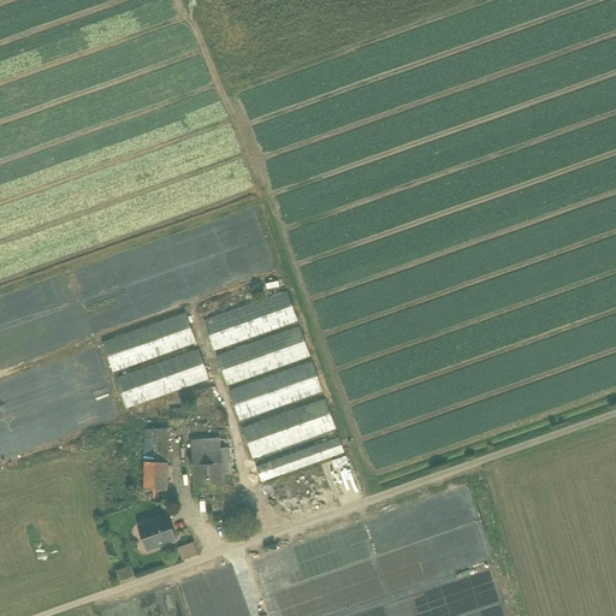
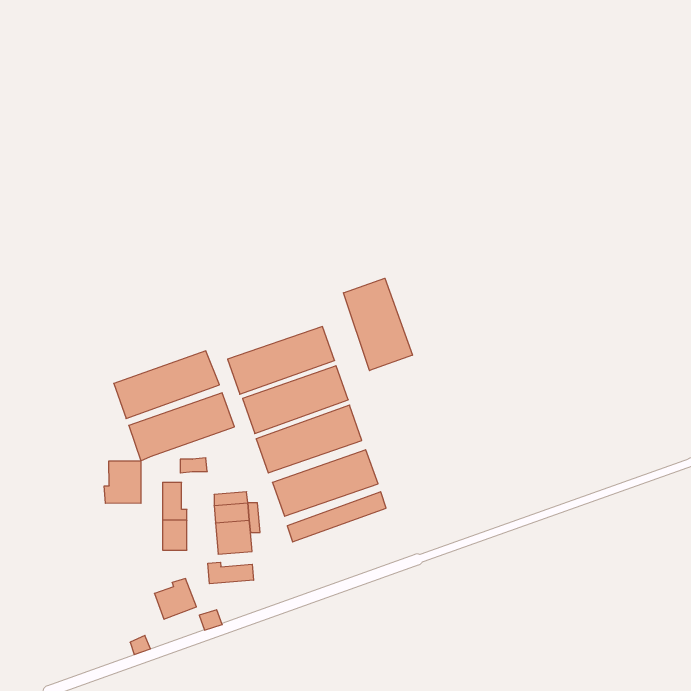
building: none -> [343,278,412,371]
building: none -> [104,461,141,503]
building: none -> [208,562,254,584]

